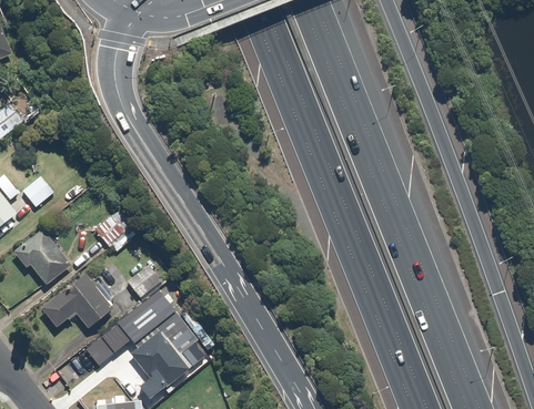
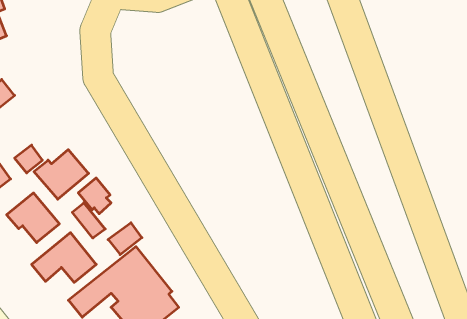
building: none -> [34,150,89,199]
building: none -> [72,203,105,238]

